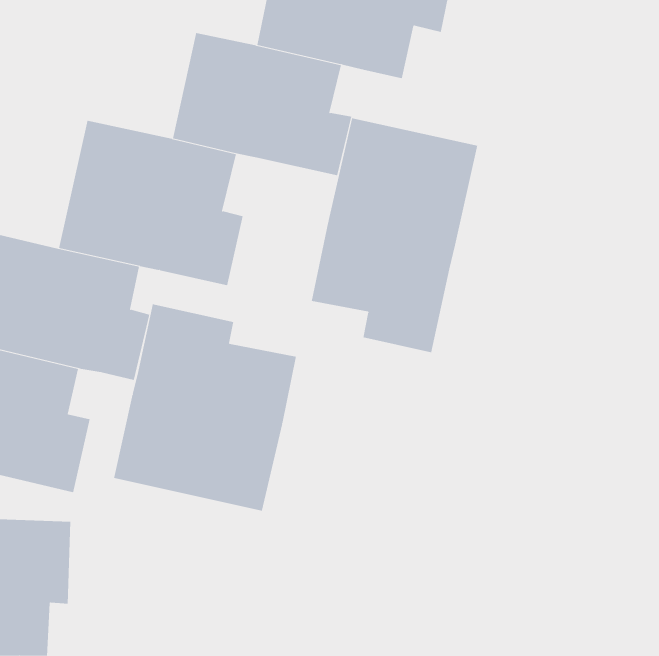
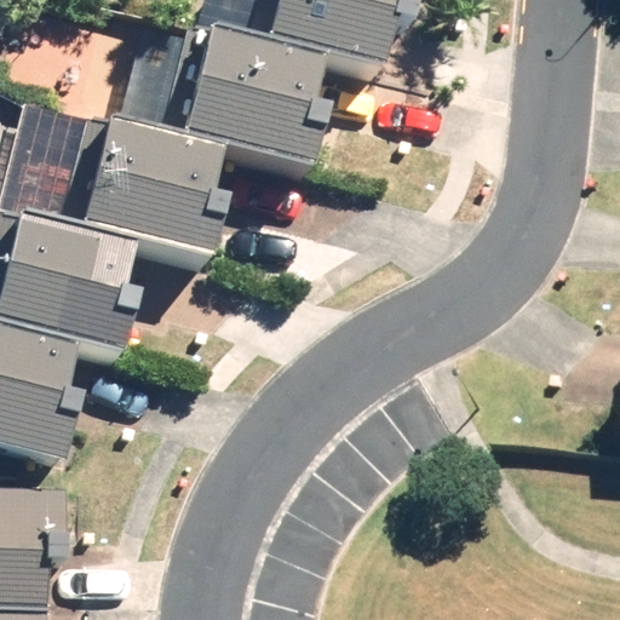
building: [311,117,478,353] -> none
building: [114,303,296,511] -> none

